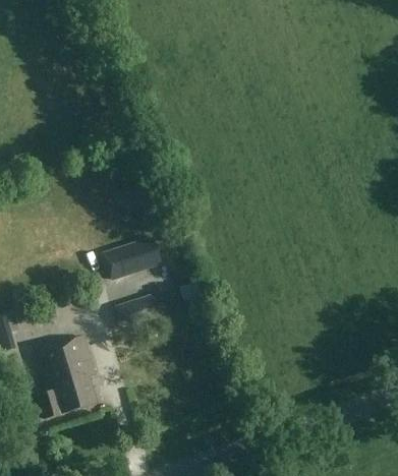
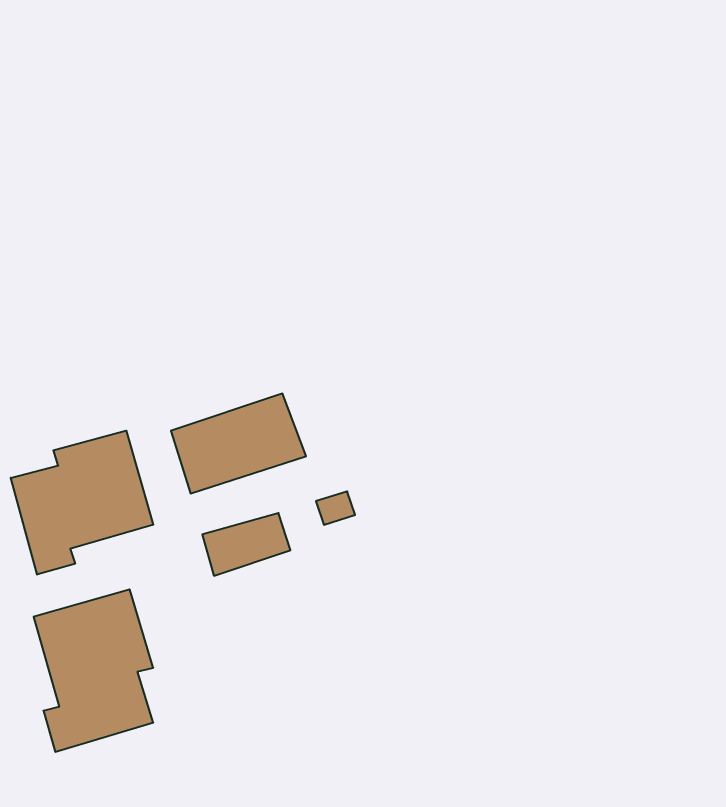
building: none -> [11,431,153,575]

